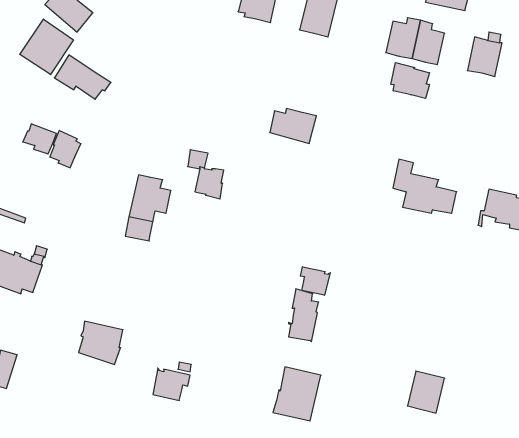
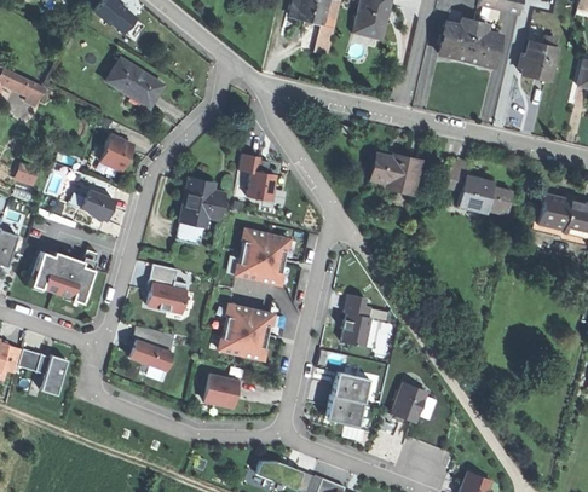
building: [20,19,73,75] -> none
building: [391,63,430,98] -> none
building: [270,109,316,143] -> [371,155,419,190]
building: [23,124,56,154] -> [80,190,114,220]
building: none -> [236,228,289,285]
building: none -> [148,265,188,313]
building: [300,267,330,295] -> none
building: none -> [219,303,272,360]
building: [407,371,445,413] -> [394,380,432,422]

